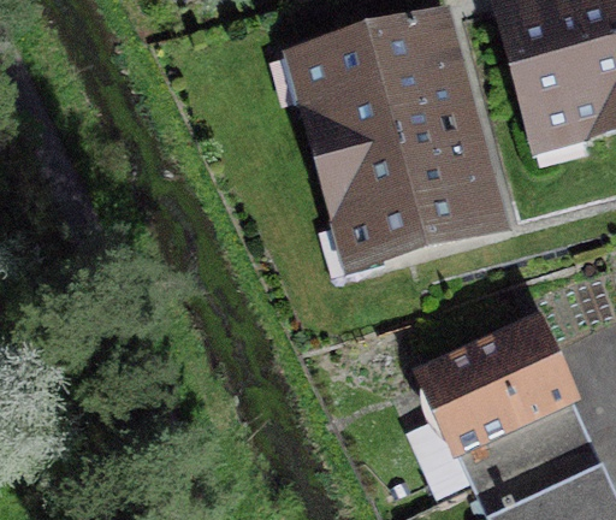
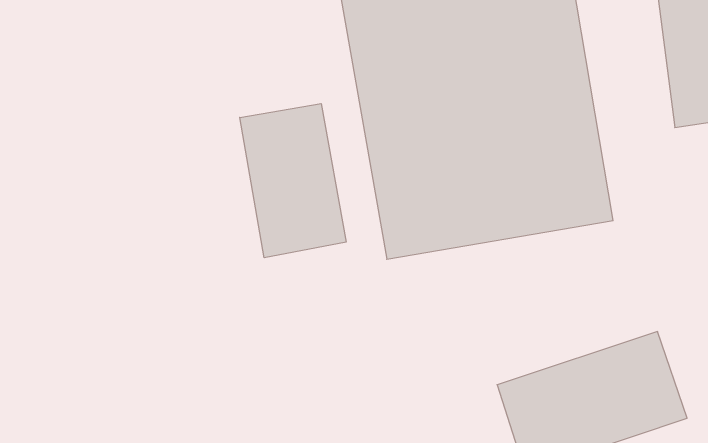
building: none -> [240,104,346,258]

